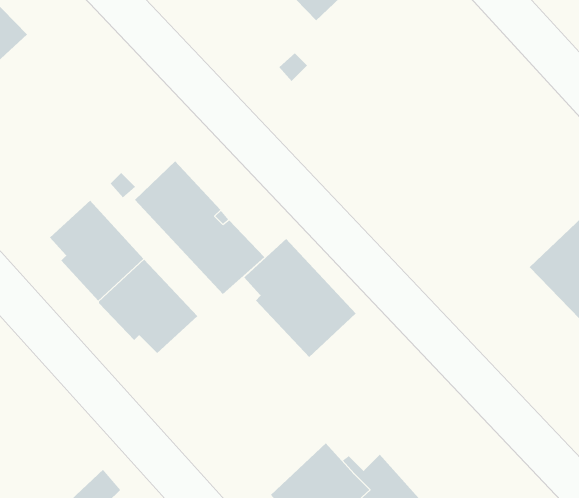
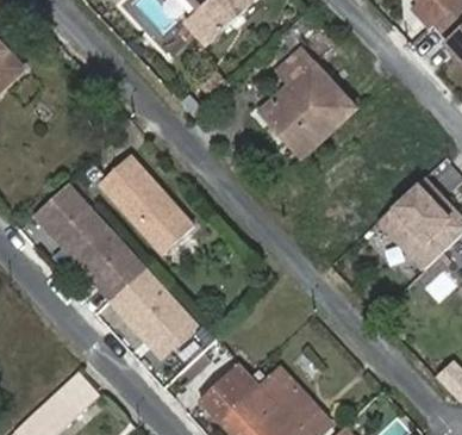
building: none -> [258,46,351,156]
building: [244,238,357,358] -> [114,269,196,356]

